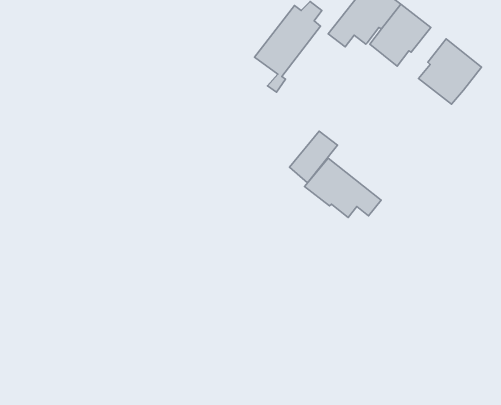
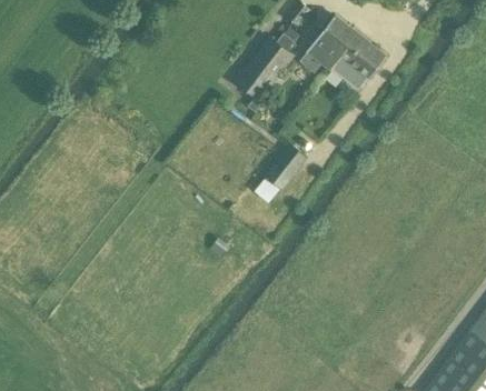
building: [418,39,482,104] -> none
building: [305,158,381,217] -> none

